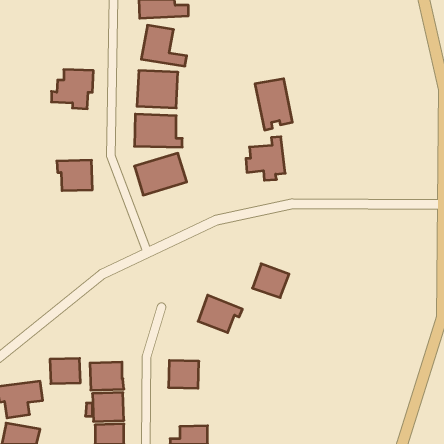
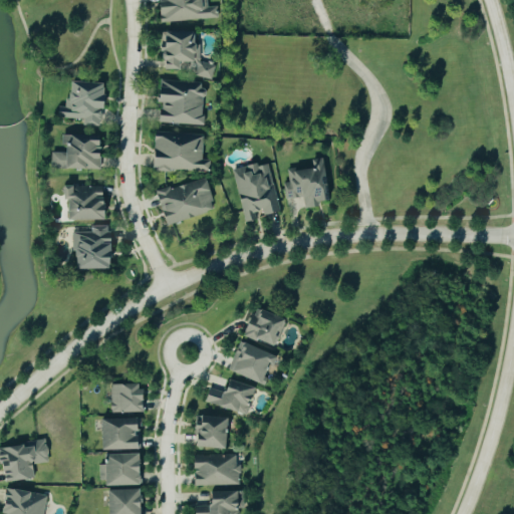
building: [255,79,292,130] -> [233,163,276,222]
building: none -> [50,135,102,169]
building: none -> [72,225,112,269]
building: [252,264,289,298] -> [244,307,286,346]
building: none -> [203,378,256,416]
building: [50,358,80,384] -> [110,383,146,413]
building: none -> [193,454,240,486]

